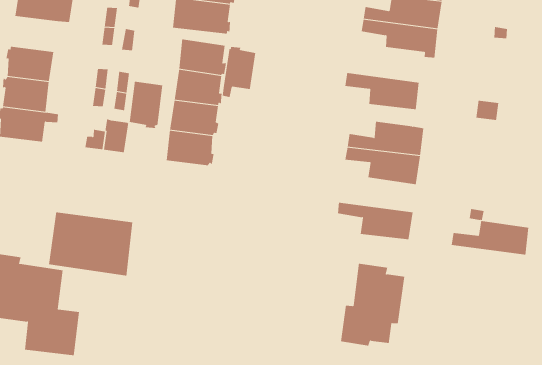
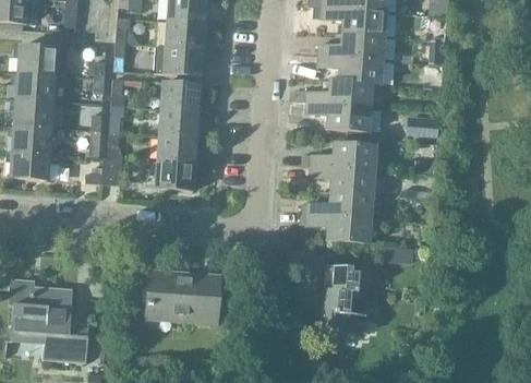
building: none -> [13,72,55,100]
building: [222,46,256,98] -> none
building: none -> [306,77,372,106]
building: [129,81,163,129] -> none
building: [48,212,133,276] -> [148,271,219,322]
building: [451,220,529,255] -> [306,191,373,218]

